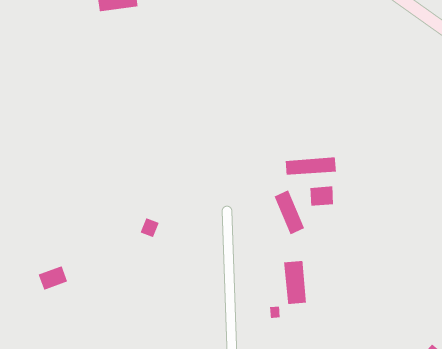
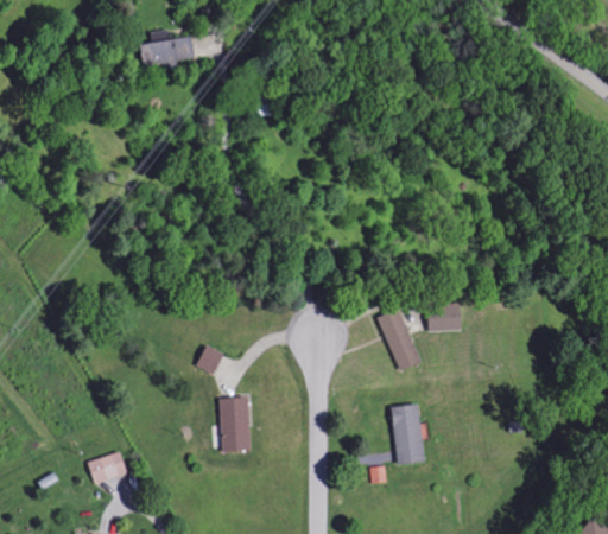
building: [285,156,337,175] -> none
building: none -> [220,396,248,451]
building: [38,265,68,291] -> [87,450,128,484]

